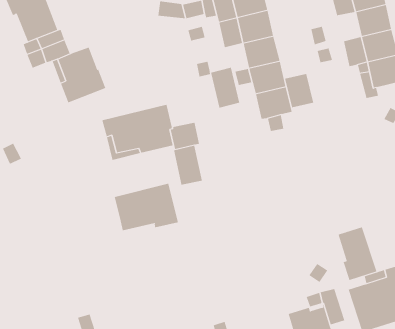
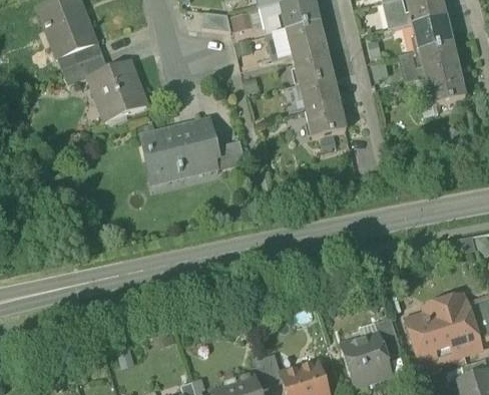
building: [211,67,240,108] -> none
building: [284,73,314,108] -> none
building: [173,145,203,185] -> none
building: [114,183,178,231] -> none
building: [338,226,377,281] -> none

